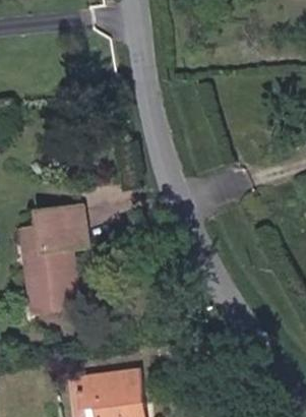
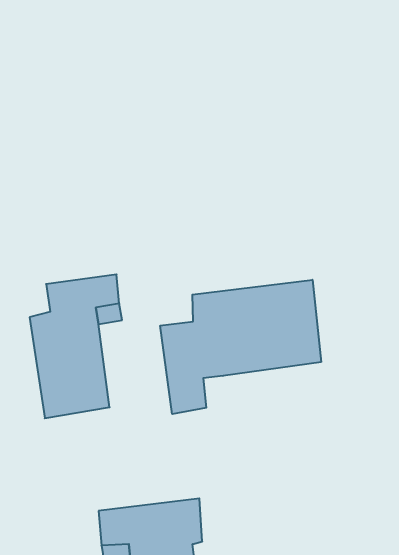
building: none -> [160,280,321,414]

